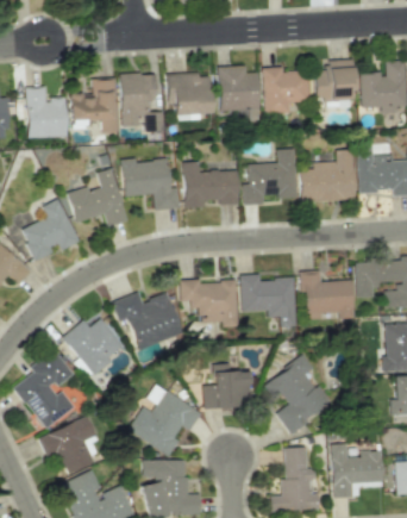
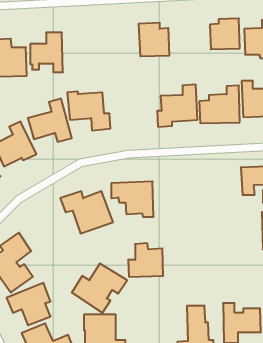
building: [263,65,309,114] -> none
building: [120,73,164,131] -> none
building: [169,73,212,114] -> none
building: [183,161,239,207] -> none
building: [303,270,355,319] -> none
building: [240,274,298,326] -> none
building: [63,316,124,375] -> none
building: [264,354,331,432] -> none

